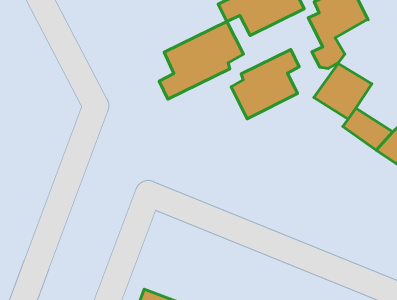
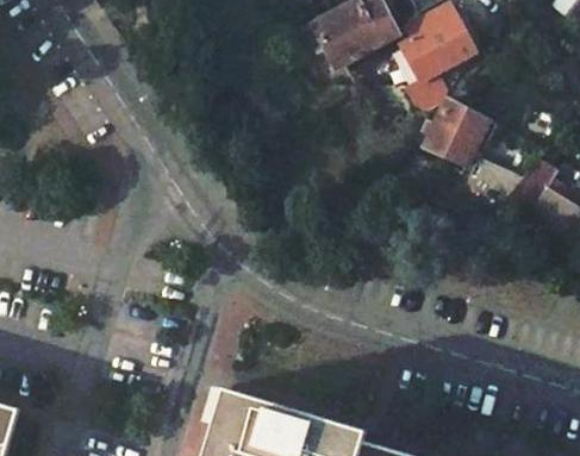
building: [159,21,243,99] -> none
building: [231,50,299,119] -> none

